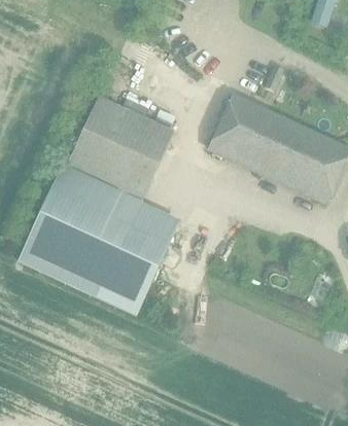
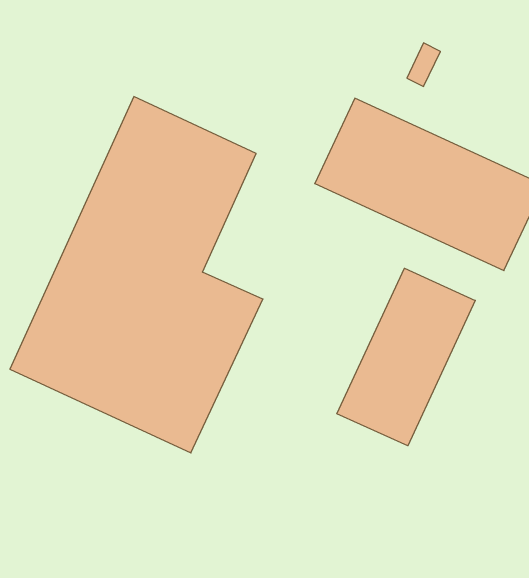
building: none -> [337,268,475,446]

